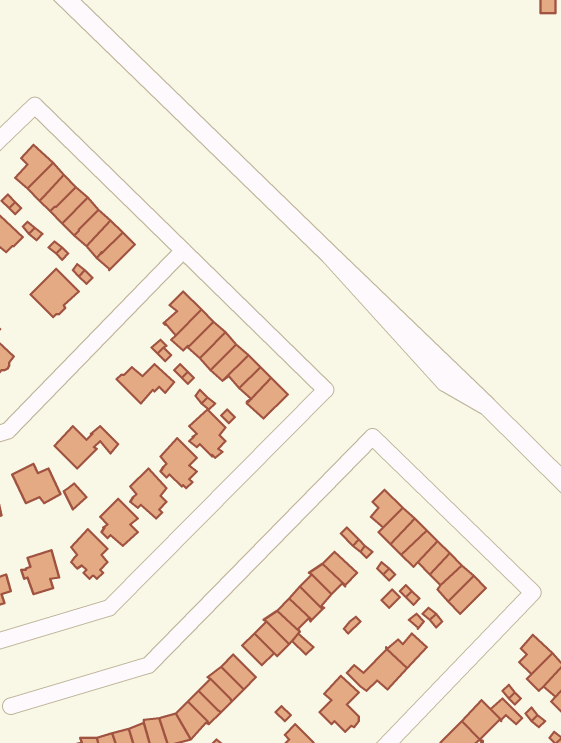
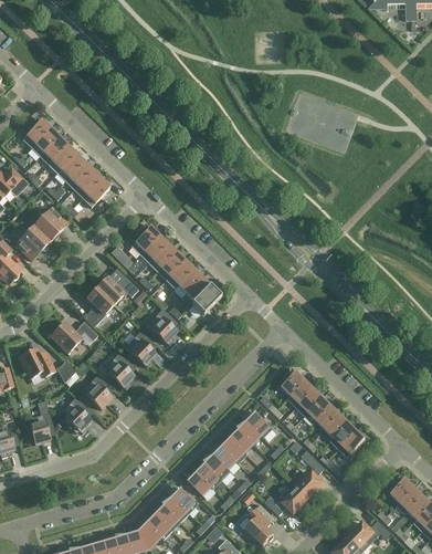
building: none -> [15,223,50,259]
building: none -> [83,285,114,326]

